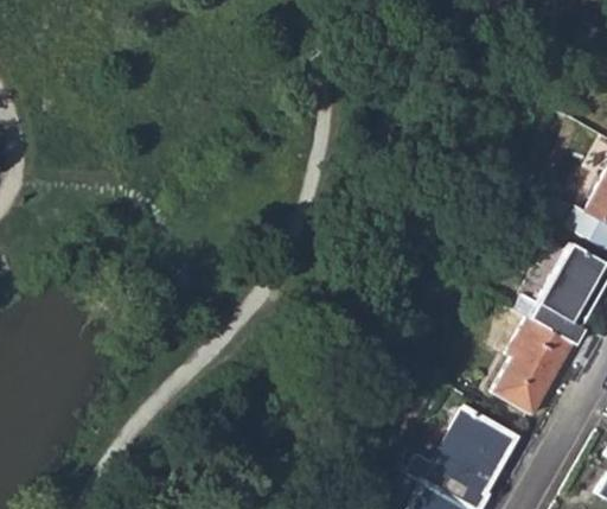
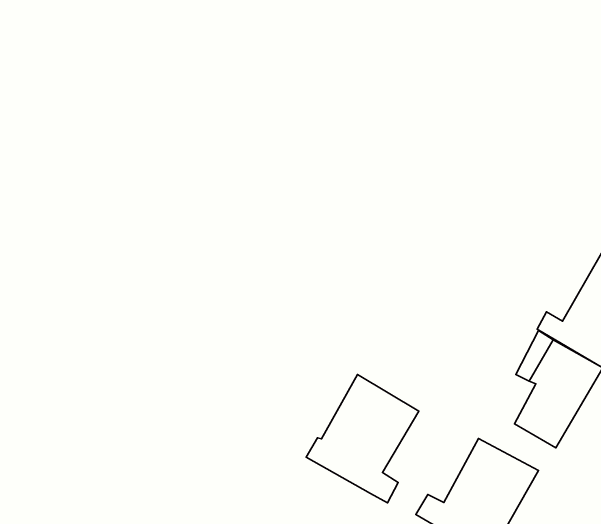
building: none -> [306,375,419,503]

